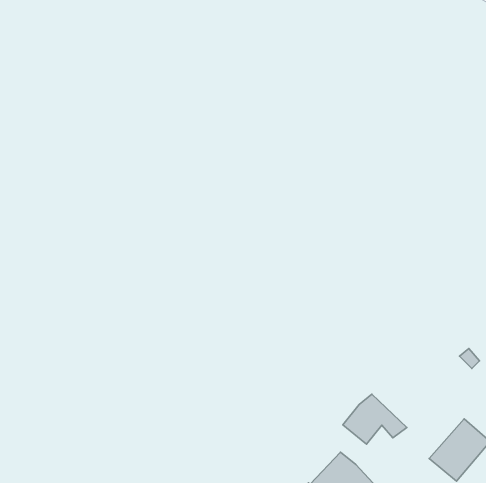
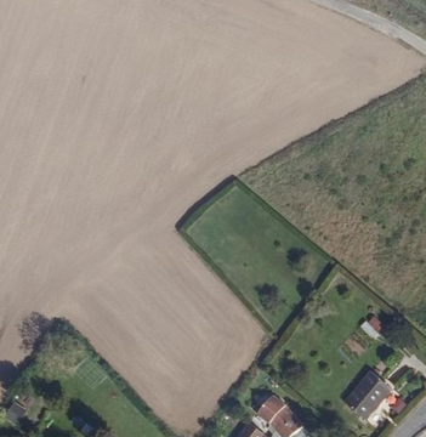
building: [343,394,407,444] -> none

